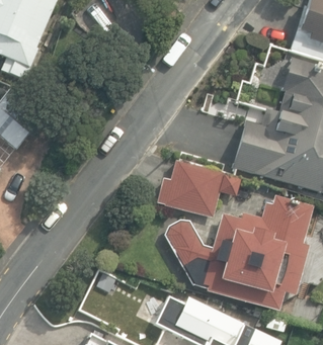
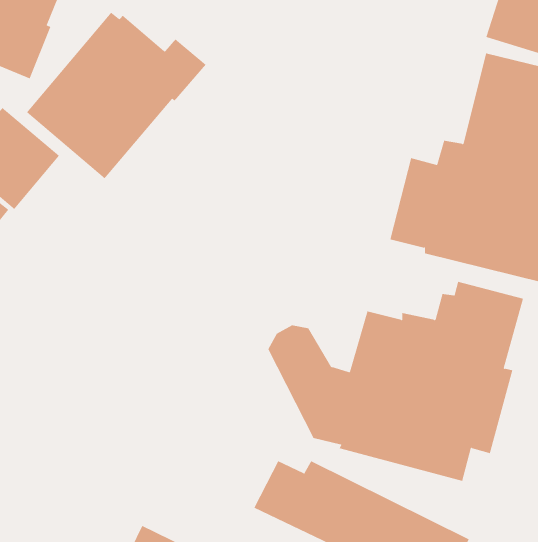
building: none -> [26,12,206,179]
building: [155,157,238,211] -> none

